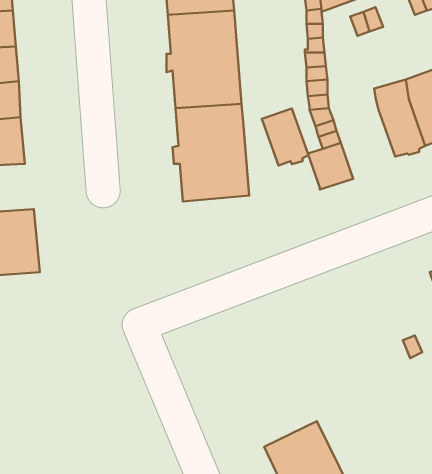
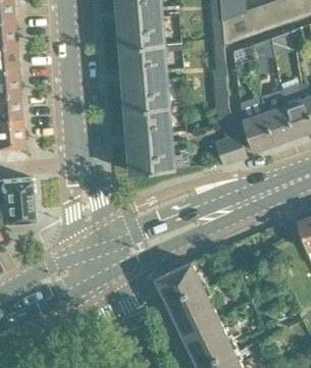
building: [262,108,308,166] -> [243,111,274,150]
building: none -> [156,260,221,339]

